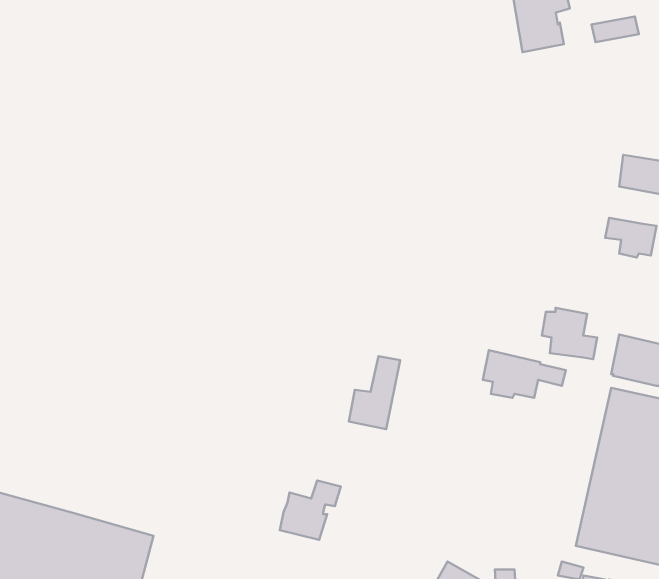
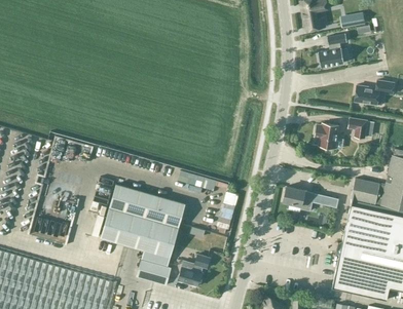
building: none -> [319,33,347,67]
building: [542,308,597,359] -> [316,122,344,149]
building: none -> [101,184,186,285]

